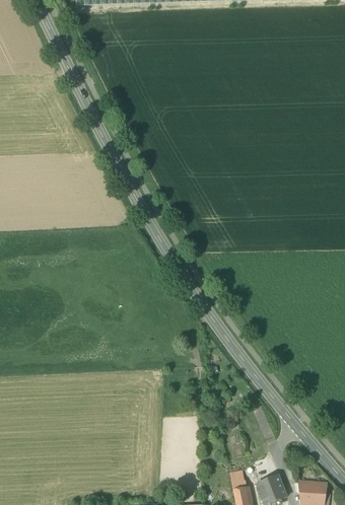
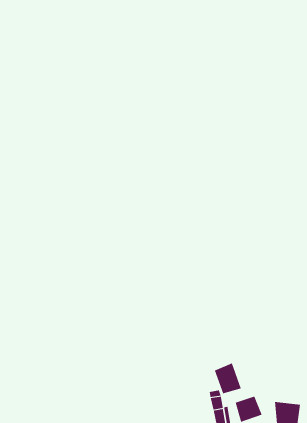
building: none -> [214,362,241,394]

